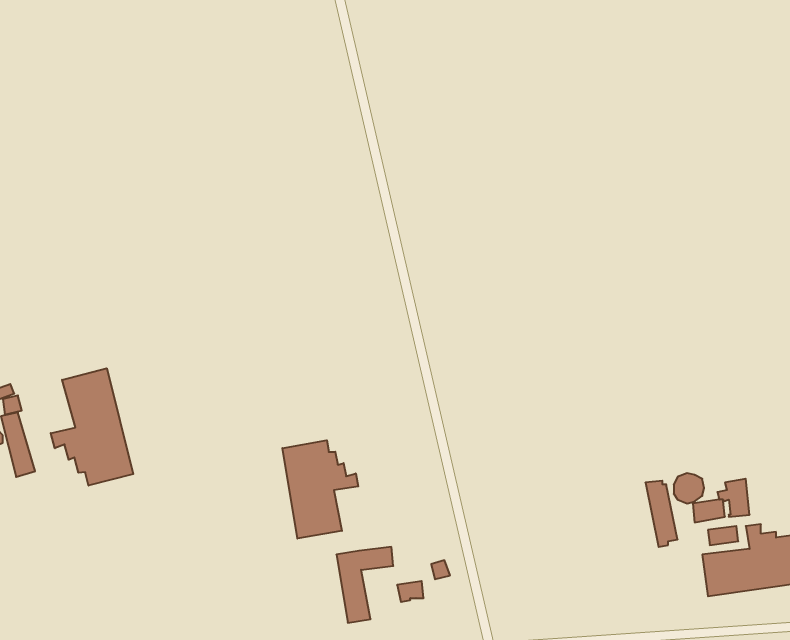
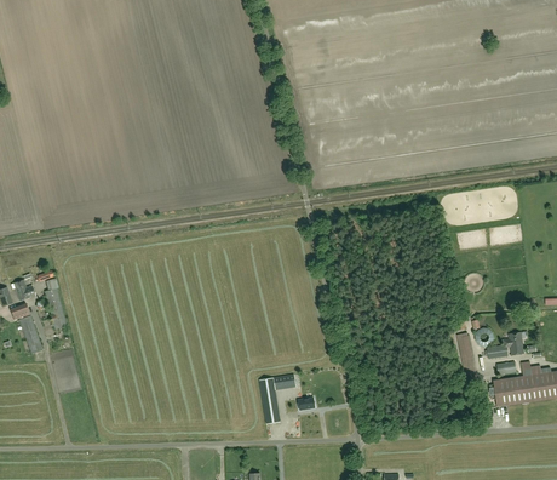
building: [51,368,133,486] -> none
building: [282,440,358,539] -> none

